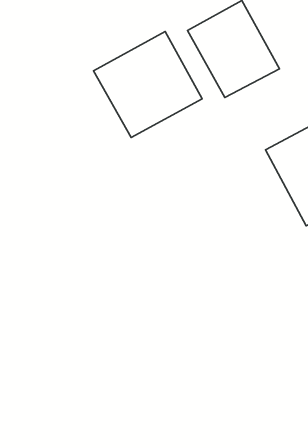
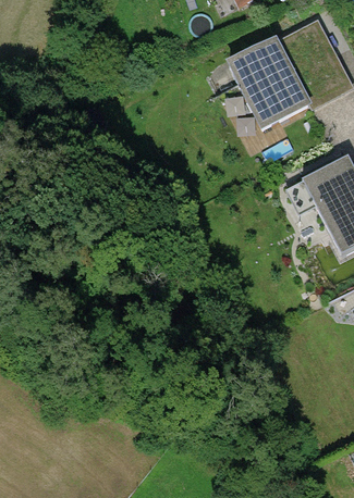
building: [93,31,202,137] -> none

